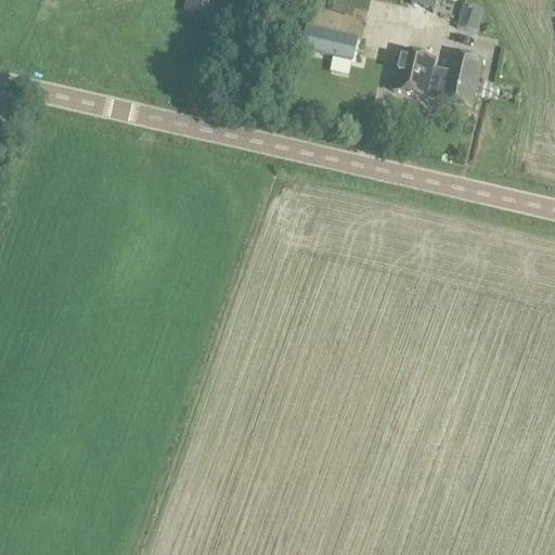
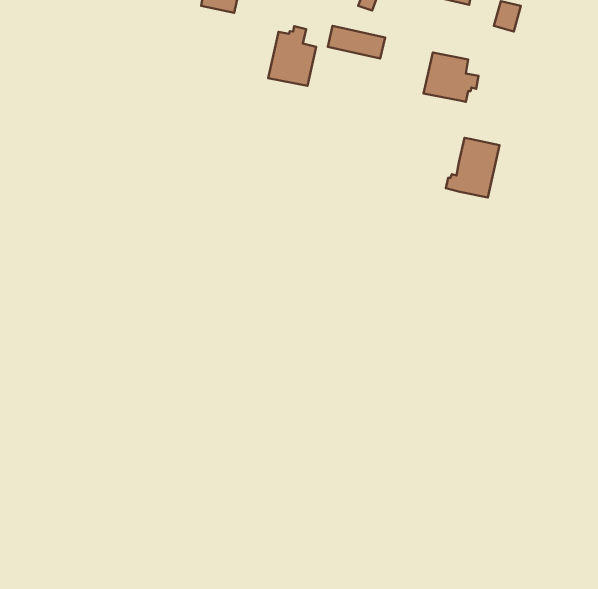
building: none -> [268,26,316,86]
building: [431,48,481,103] -> [446,138,500,198]

